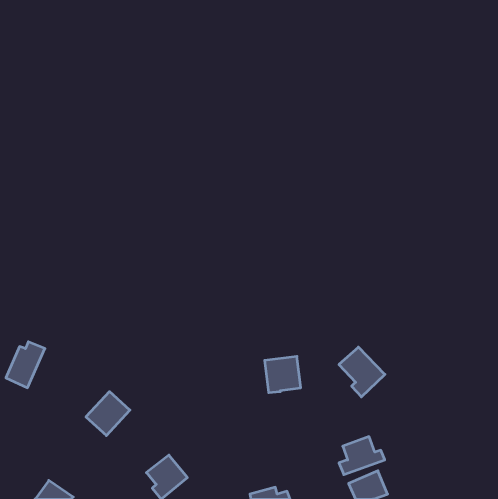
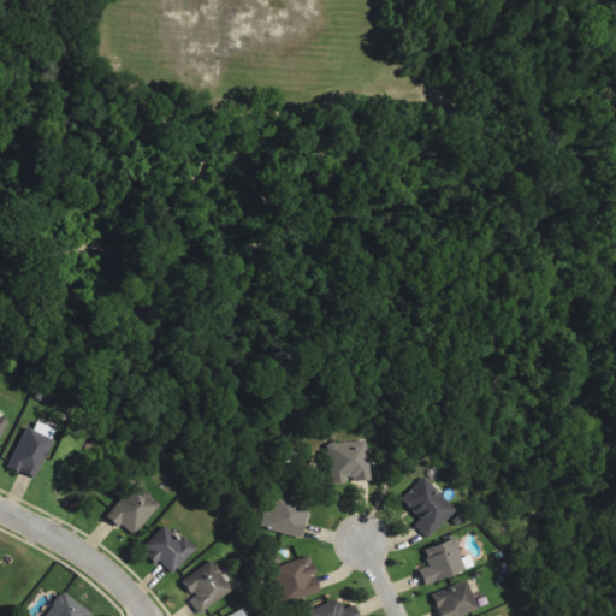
building: [339,347,385,397] -> [401,478,457,539]
building: none -> [261,493,309,537]
building: none -> [143,526,197,575]
building: none -> [273,556,320,605]

